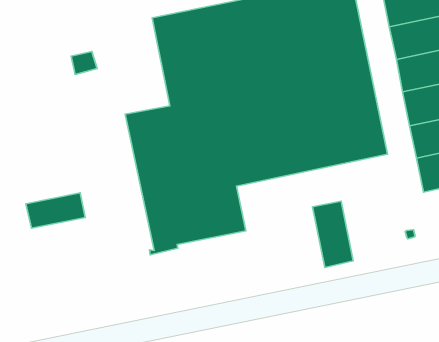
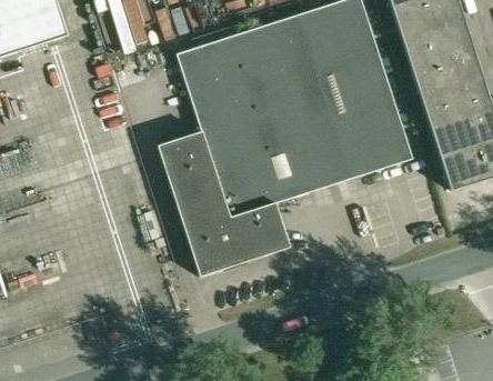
building: [26,193,85,228] -> none
building: [312,201,353,267] -> none

